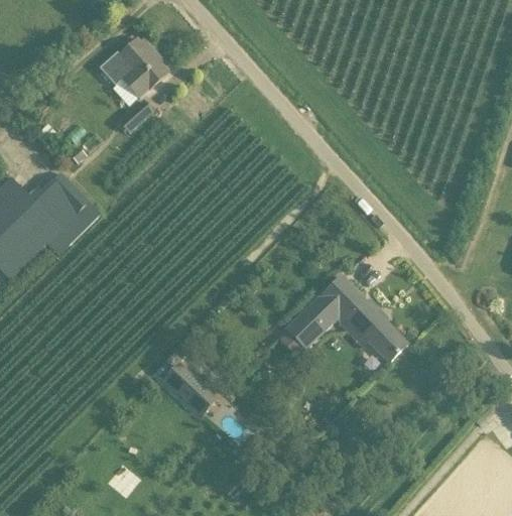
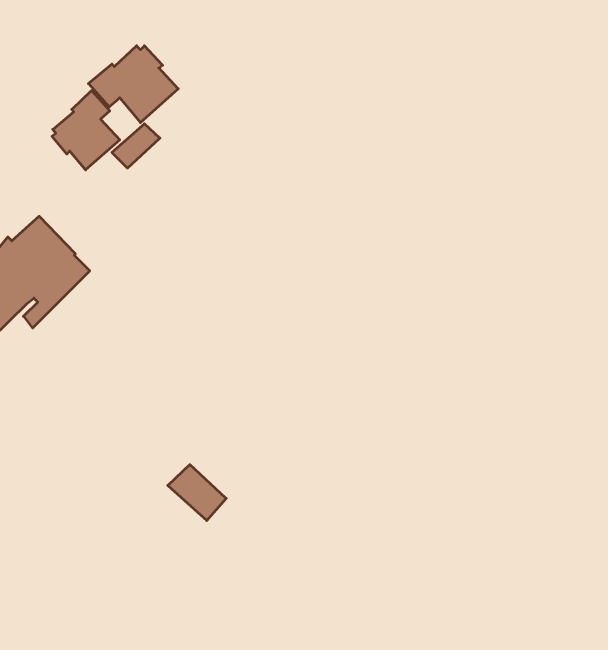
building: none -> [52,91,120,170]
building: [278,275,407,363] -> none

